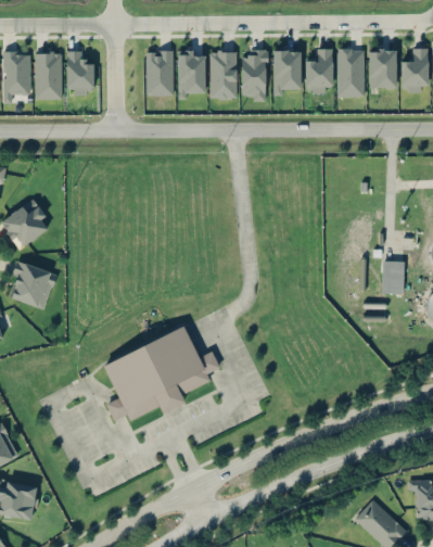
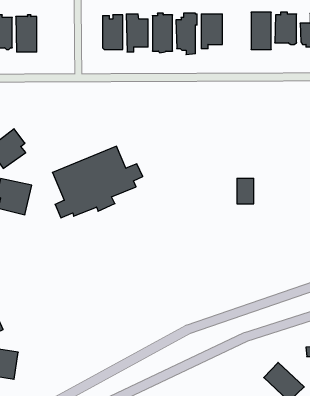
building: [305,48,332,92] -> none
building: [66,50,93,96] -> none
building: [382,260,404,293] -> [237,178,254,204]
building: [103,328,219,420] -> [52,146,143,218]

